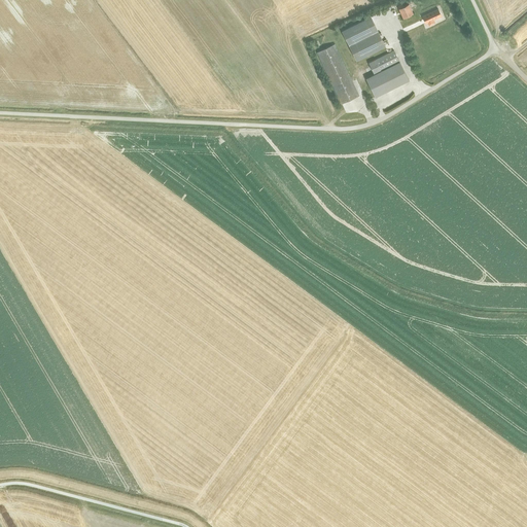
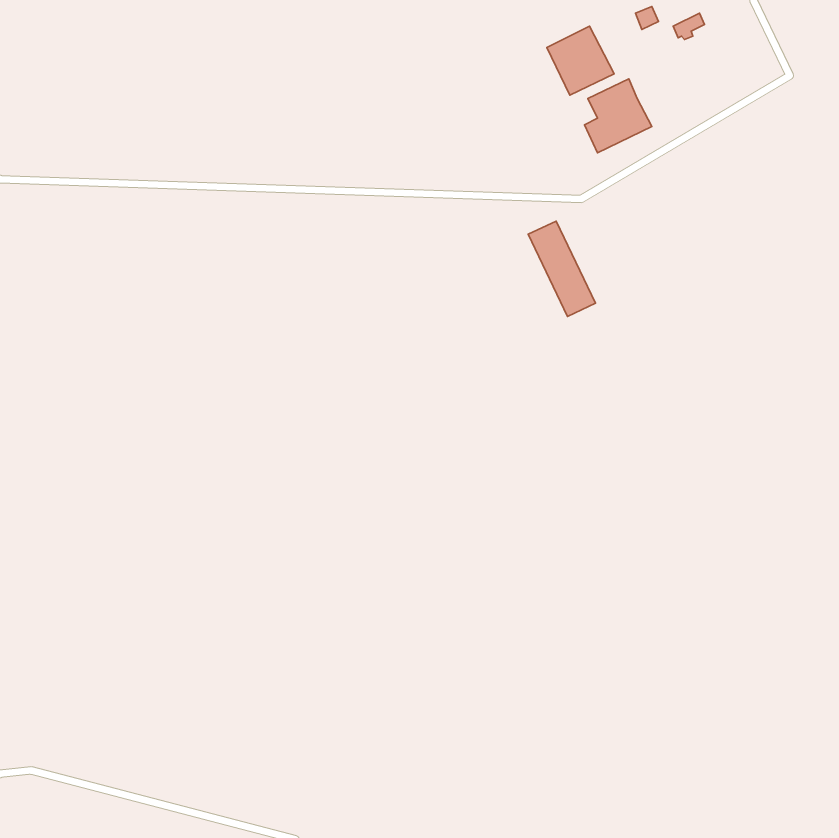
building: [317,45,359,105] -> [528,221,595,316]

